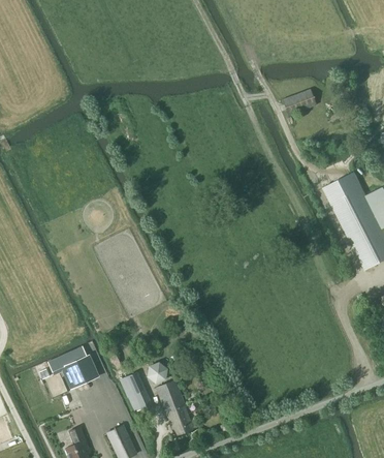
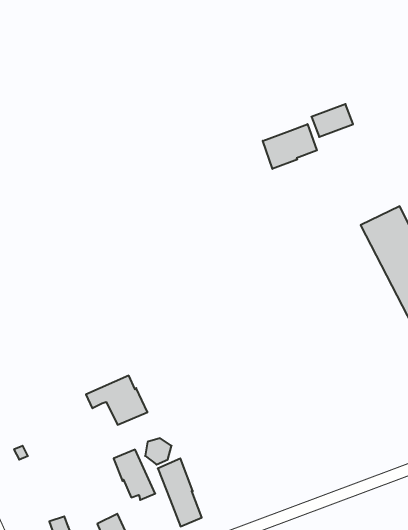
building: none -> [263,124,317,169]
building: [47,346,98,387] -> [86,376,148,425]

